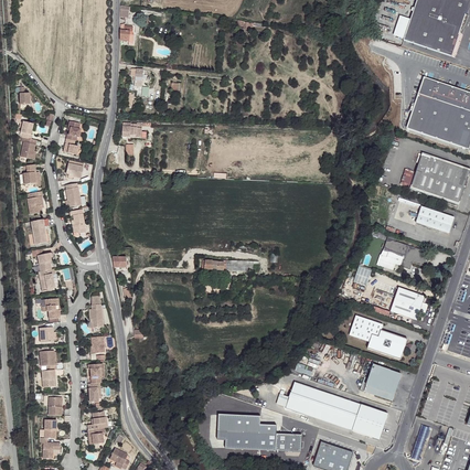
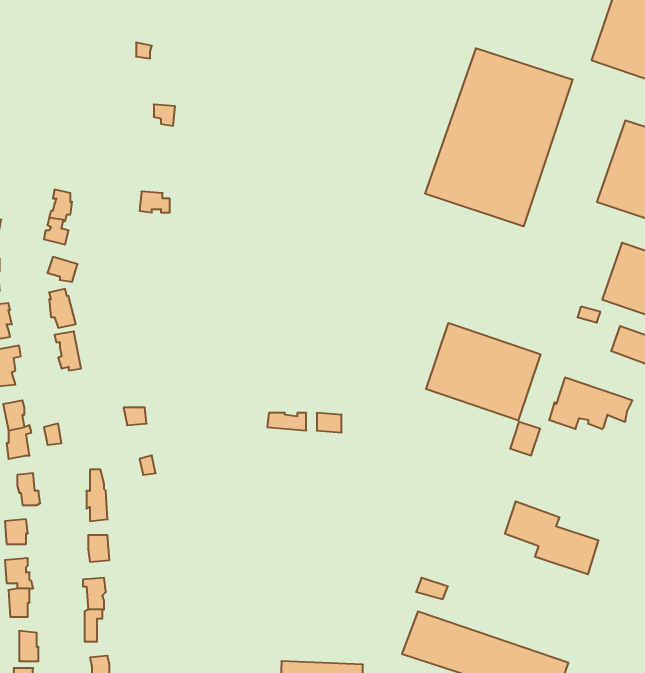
building: none -> [425,48,573,226]
building: none -> [426,323,540,420]
building: [392,287,426,320] -> none
building: [366,365,404,402] -> none

